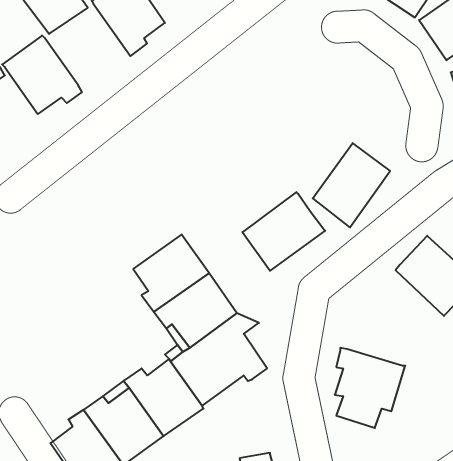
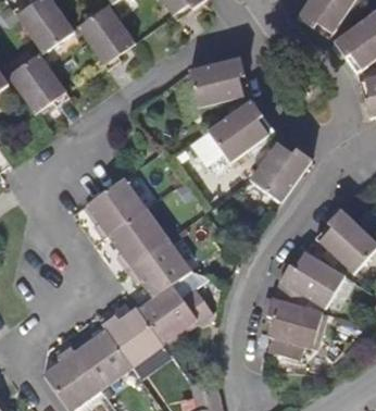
building: none -> [189,58,249,108]
building: [242,192,325,271] -> [208,100,273,162]
building: none -> [87,177,147,239]
building: none -> [277,250,344,312]

